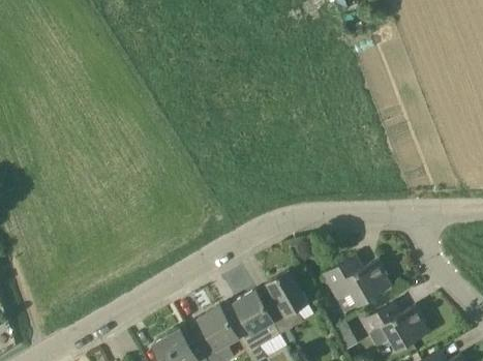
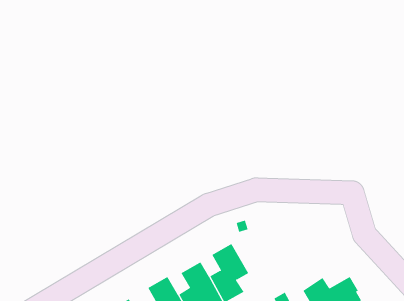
building: [324,258,388,304] -> none

